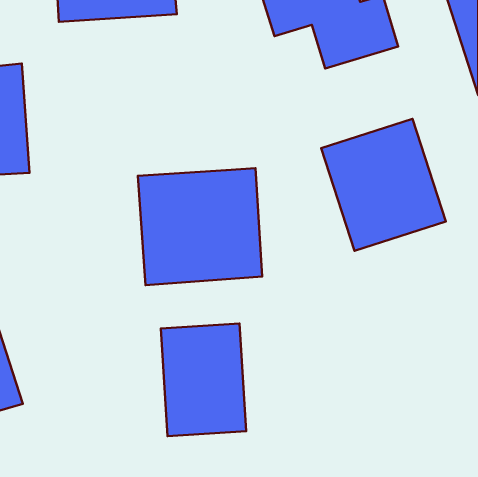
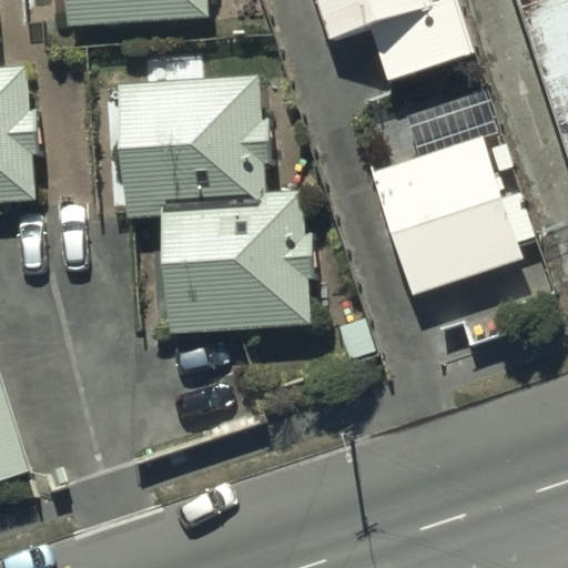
building: none -> [120,74,264,207]
building: [161,323,246,436] -> none

